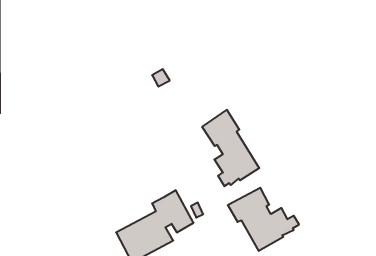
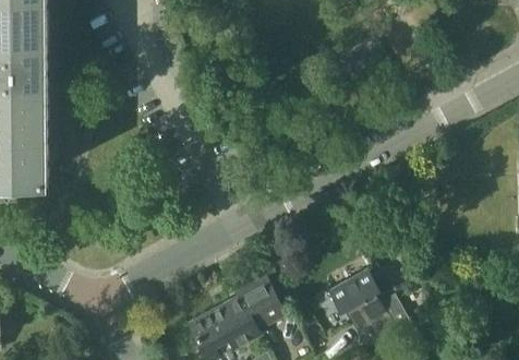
building: [202,110,259,186] -> none

